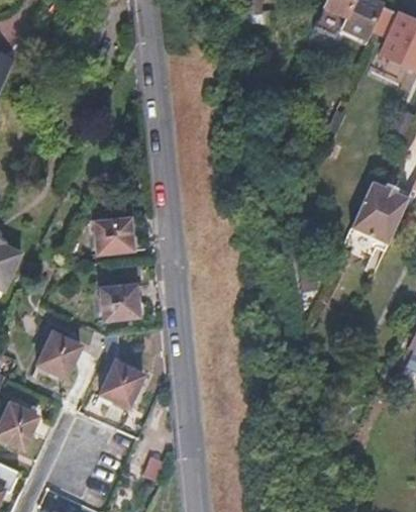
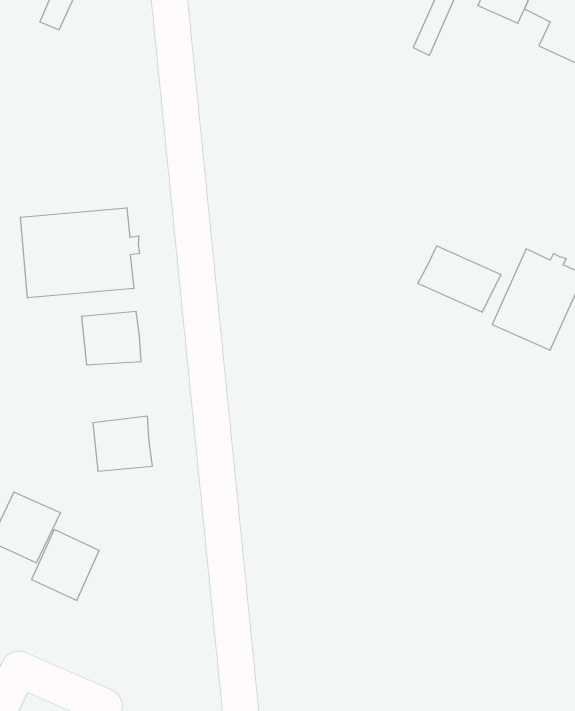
building: none -> [20,208,139,298]
building: none -> [418,246,501,312]
building: [101,363,143,407] -> [32,530,99,600]

